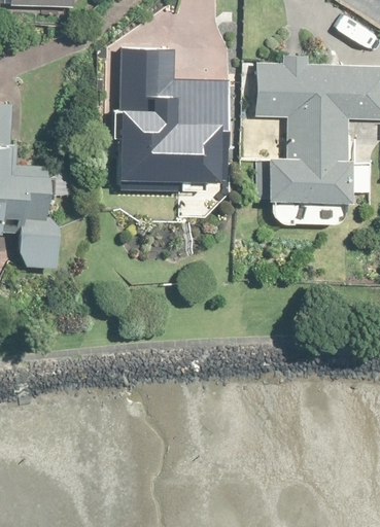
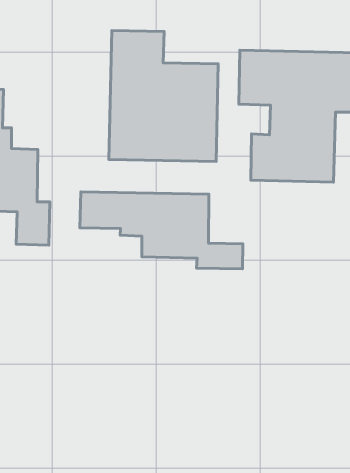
building: none -> [80,192,243,269]

